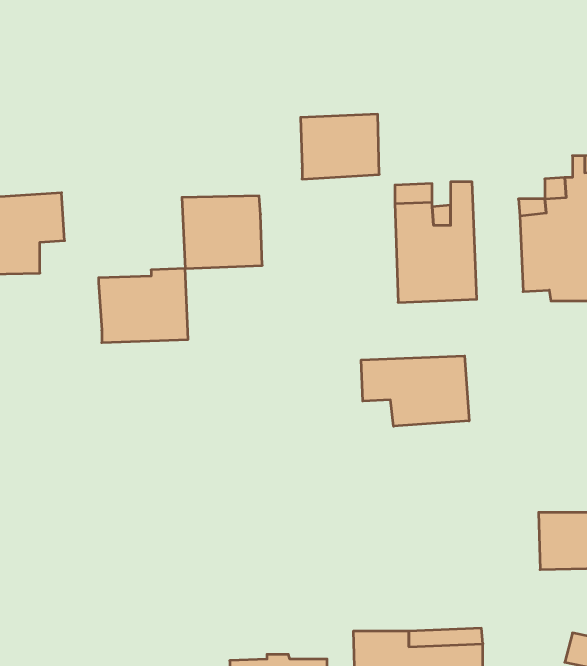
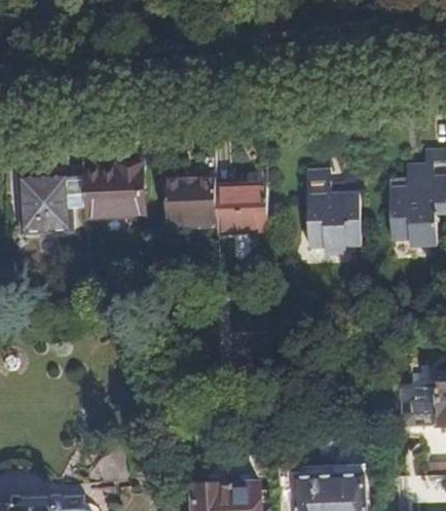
building: [301,114,379,179] -> [217,188,269,231]
building: [99,268,188,343] -> [84,167,144,216]
building: [361,356,469,426] -> none

